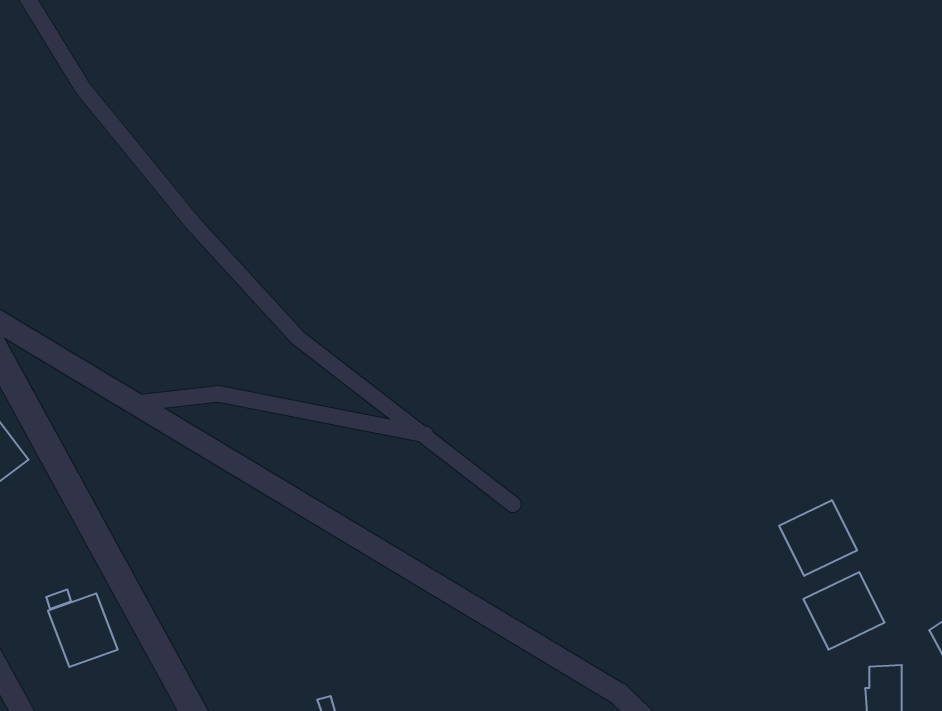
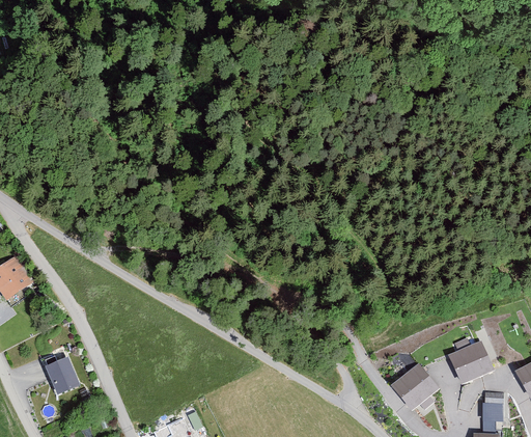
building: [779,500,857,576] -> none
building: none -> [392,364,437,410]

